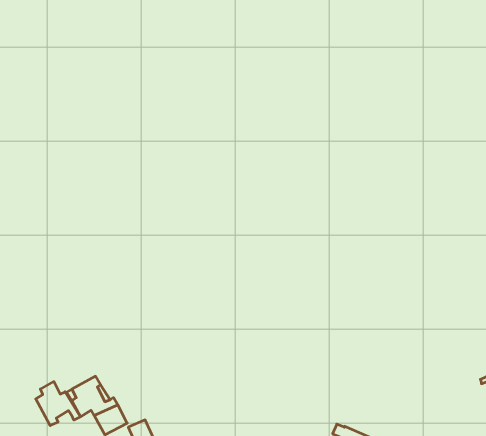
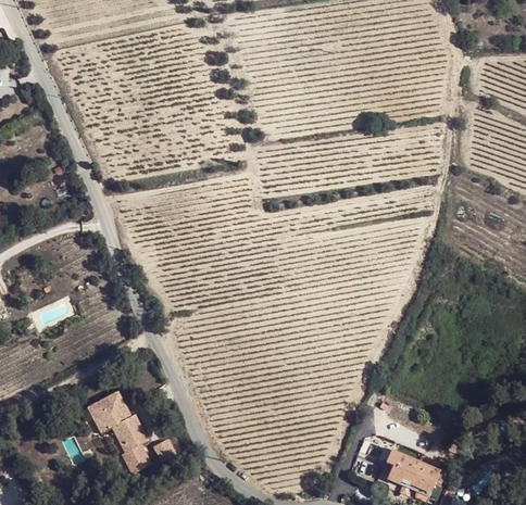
building: [36,382,80,426] -> none

